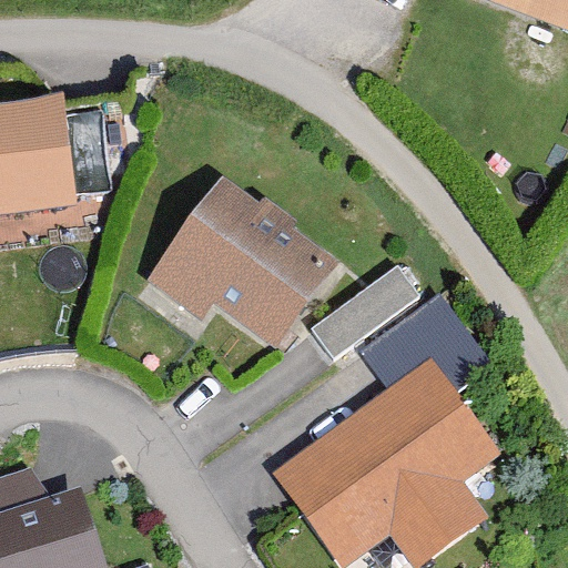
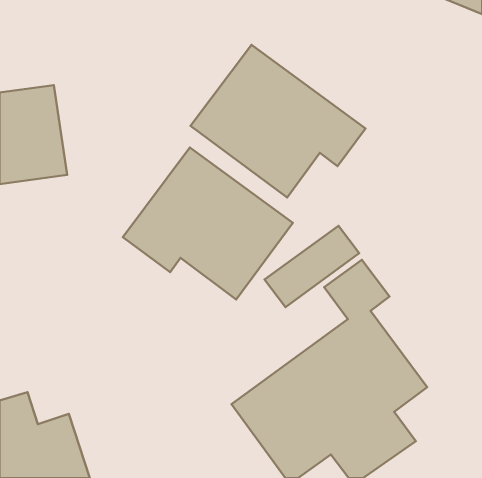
building: none -> [191,45,365,197]

